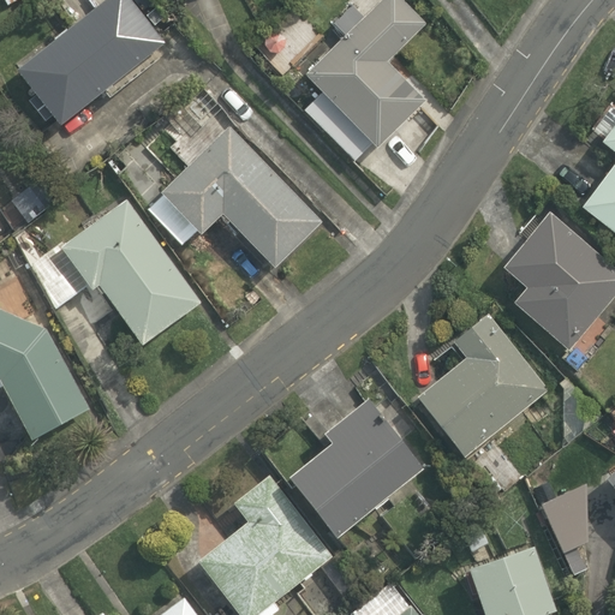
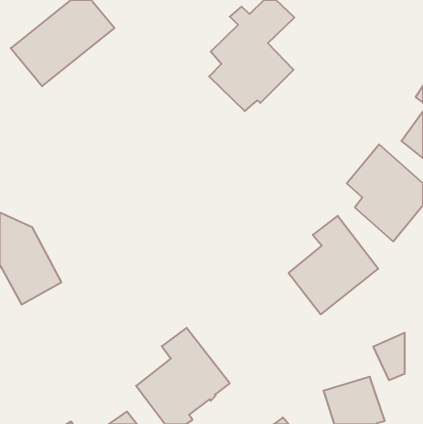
building: [148,127,321,269] -> none
building: [31,199,201,346] -> none
building: [288,395,425,536] -> none

